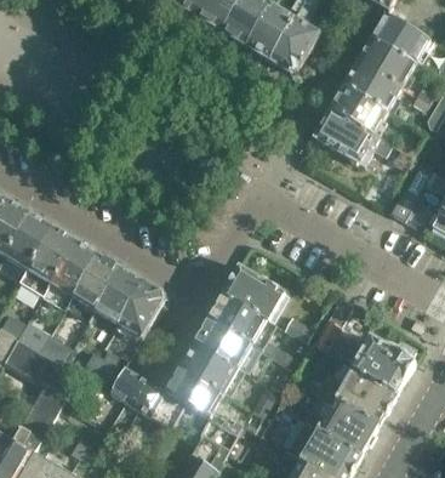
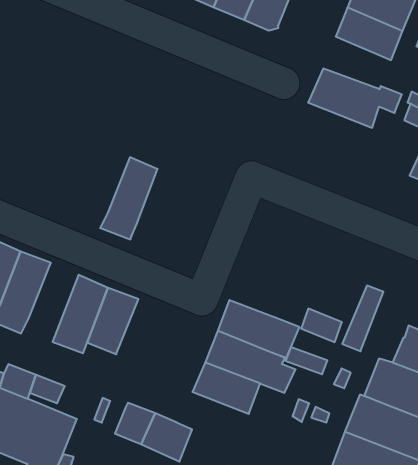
building: [330,84,388,133] -> none
building: [42,239,98,308] -> [100,157,158,239]
building: [222,264,284,319] -> none
building: [120,280,164,336] -> none
building: [165,365,224,416] -> none

